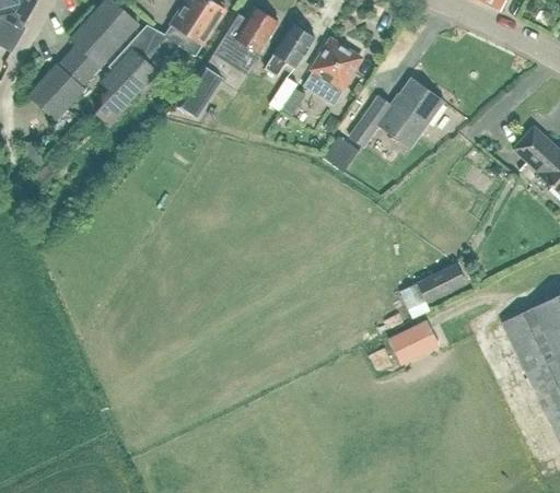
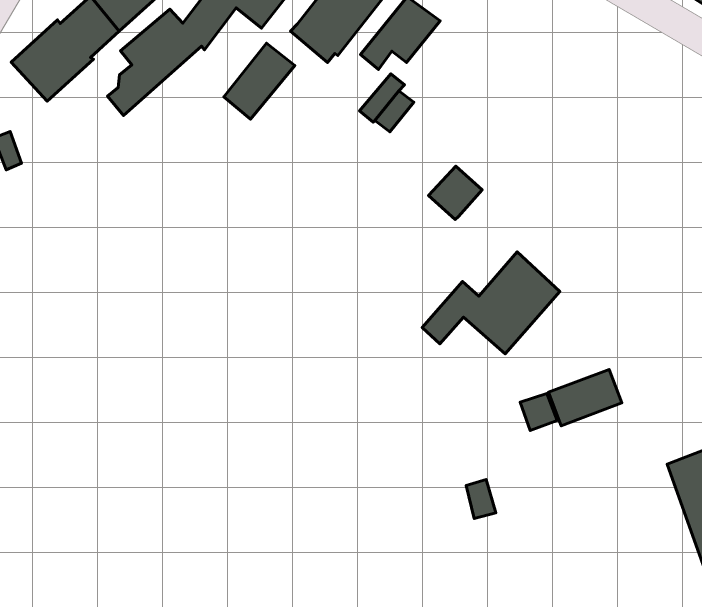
building: [305,38,362,97] -> none
building: [351,77,442,146] -> [422,252,560,354]
building: [386,318,438,364] -> none

